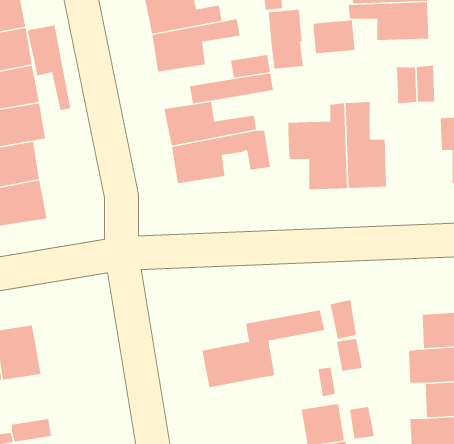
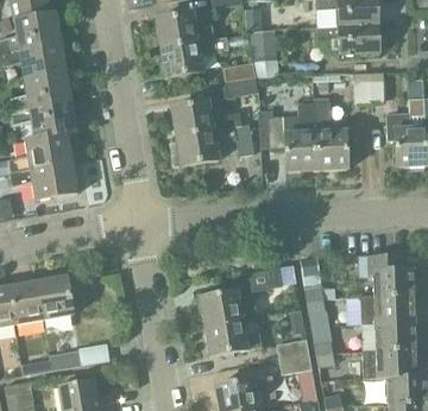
building: [312,20,355,54] -> none
building: [27,25,71,111] -> none
building: none -> [206,318,248,354]

